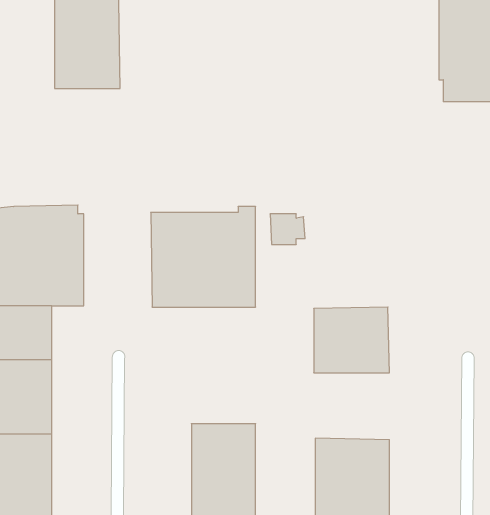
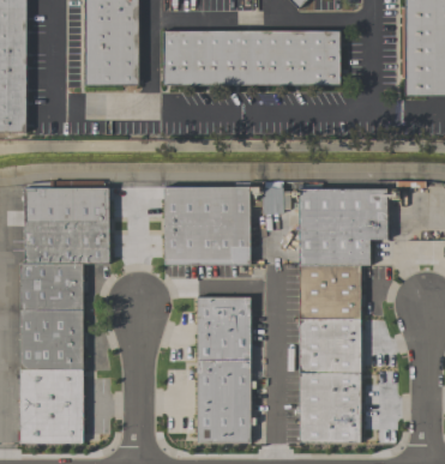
building: none -> [163,31,339,85]
building: none -> [299,185,387,266]
building: none -> [197,297,251,361]
building: none -> [299,319,361,374]

